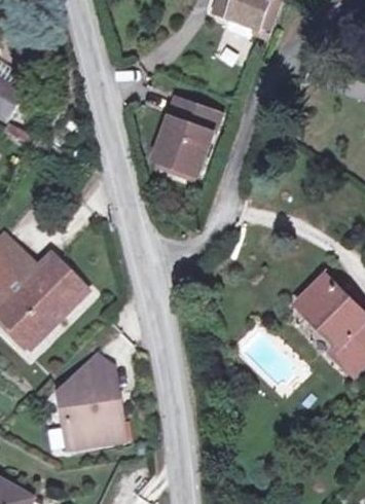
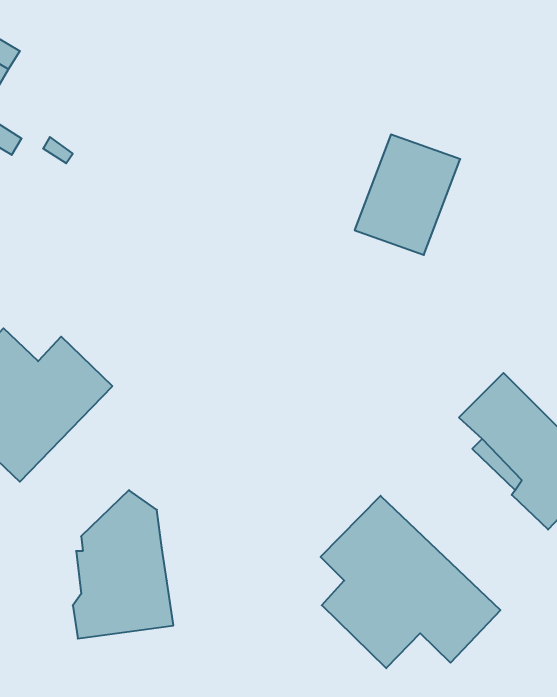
building: [155,99,221,174] -> [355,134,460,255]
building: none -> [321,496,500,668]

